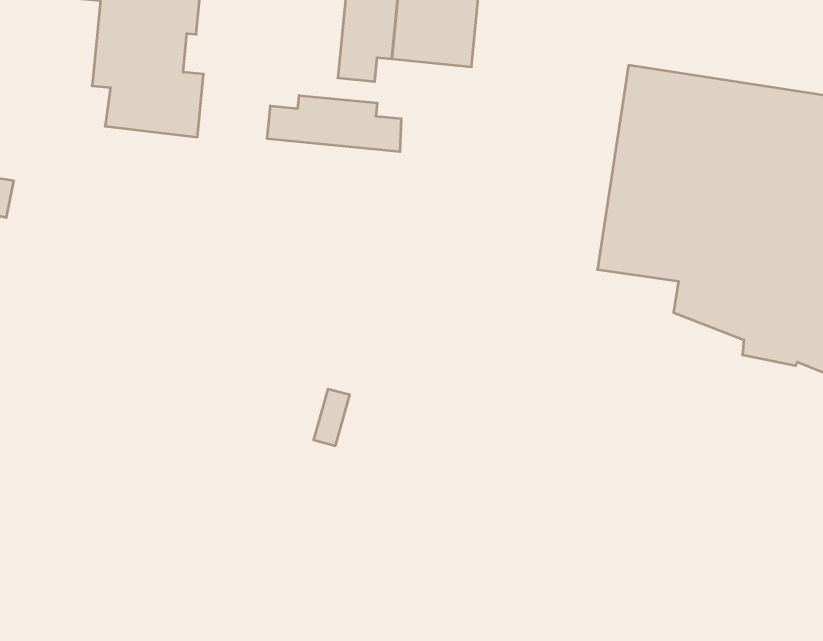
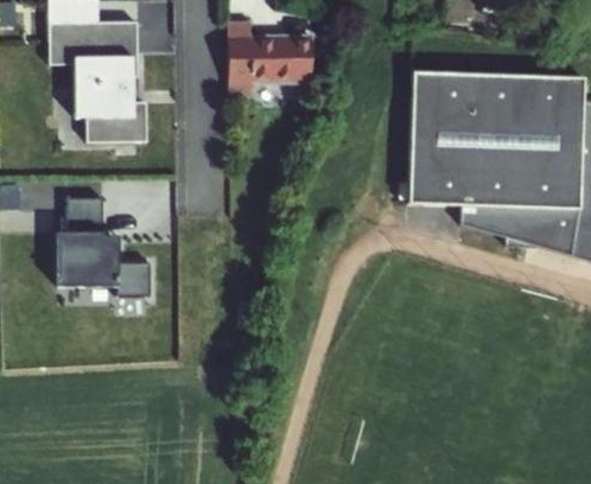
building: [267,95,401,152] -> none
building: none -> [57,197,150,297]

